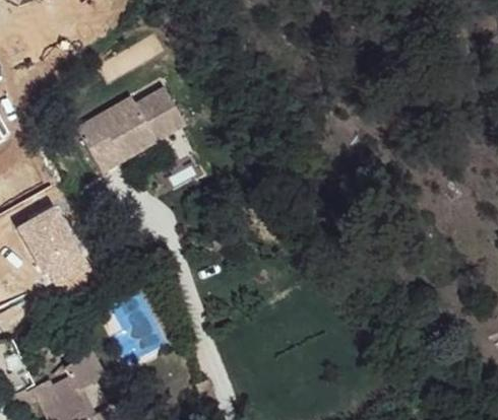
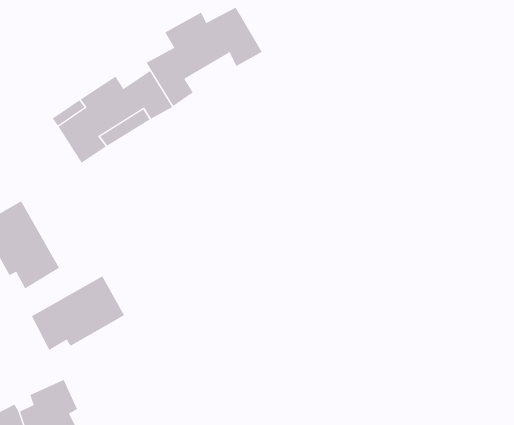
building: none -> [146,7,262,107]
building: none -> [31,276,125,351]

